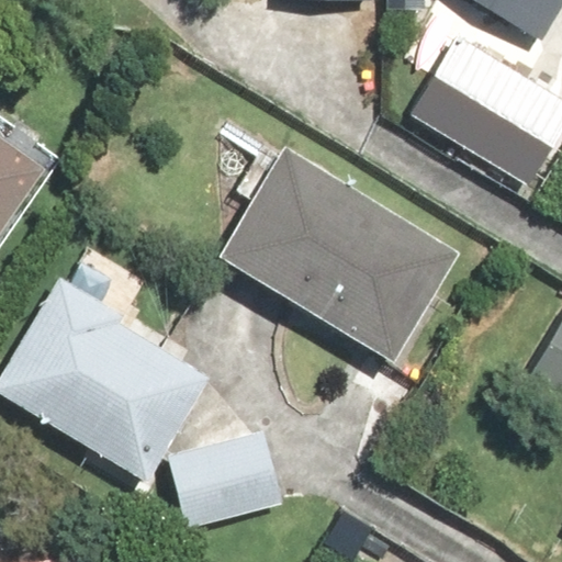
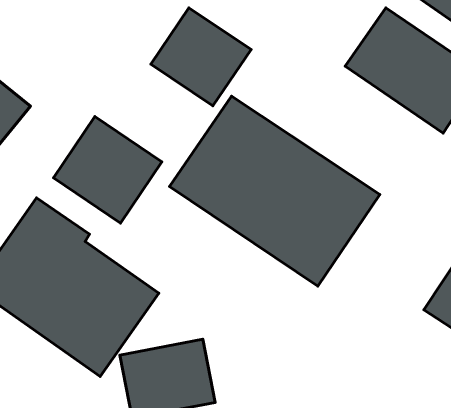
building: none -> [151,8,251,106]
building: none -> [53,116,162,223]

